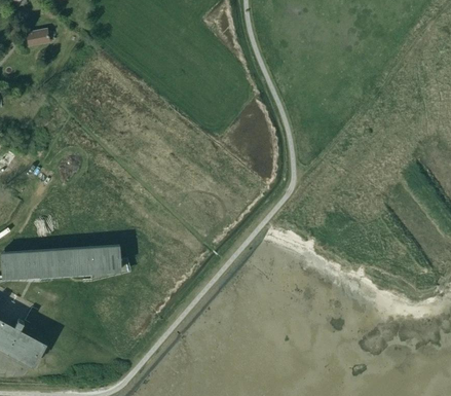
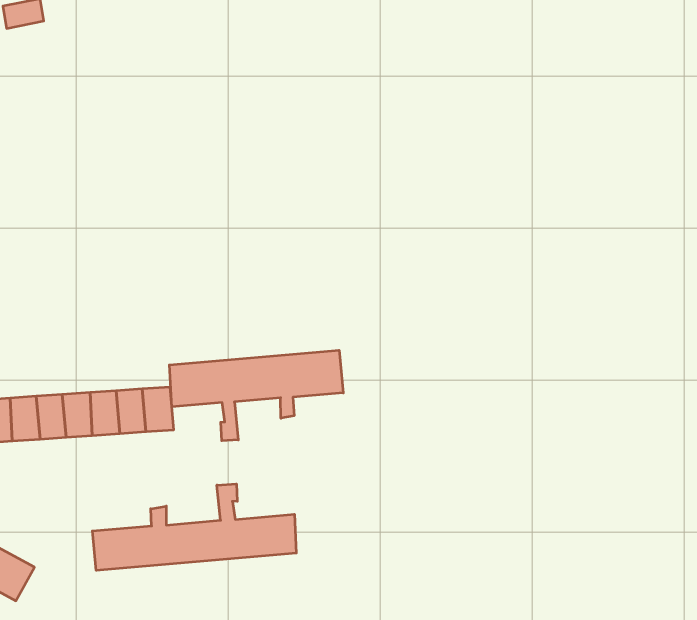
building: none -> [169,350,343,441]
building: none -> [92,484,296,570]

